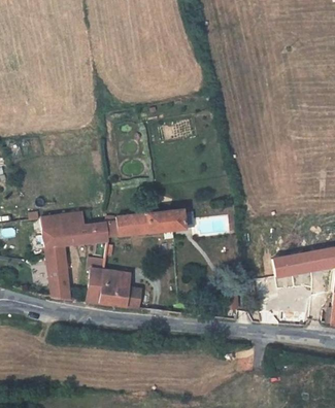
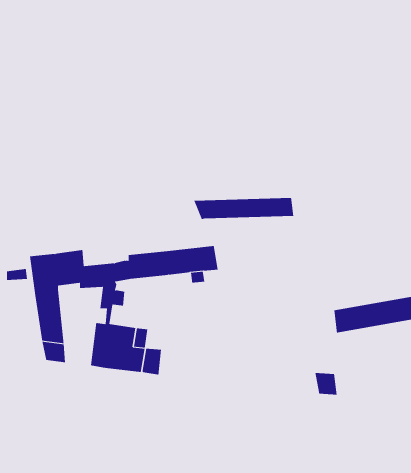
building: none -> [194,197,294,220]

